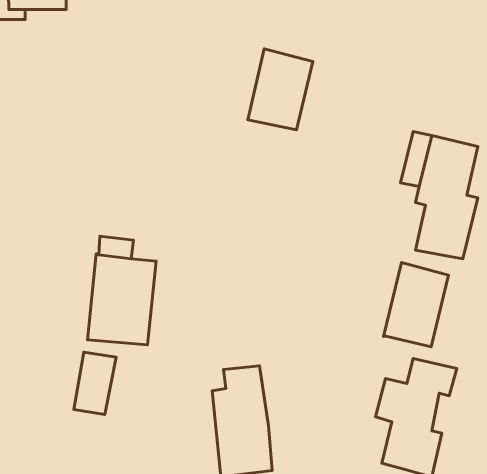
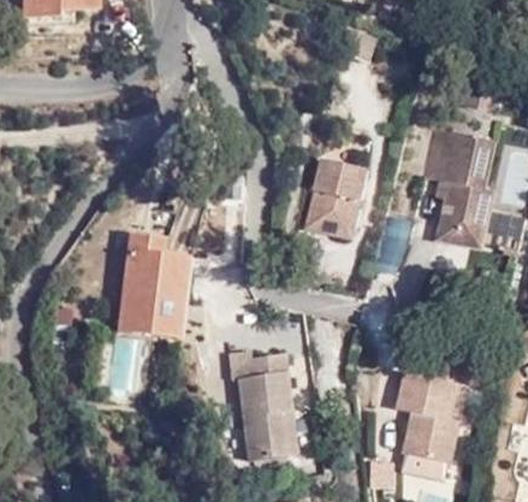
building: [248,49,313,130] -> [304,155,367,234]
building: [383,263,449,347] -> none

